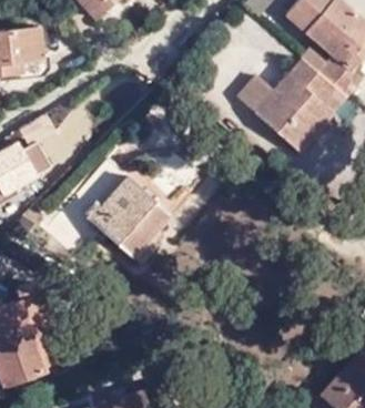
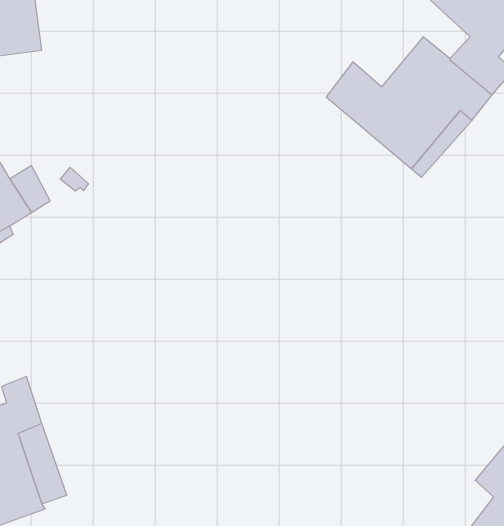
building: [82,175,171,258] -> none

